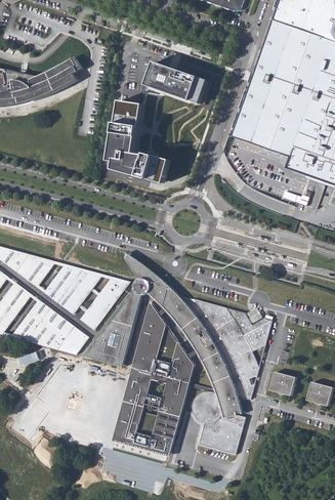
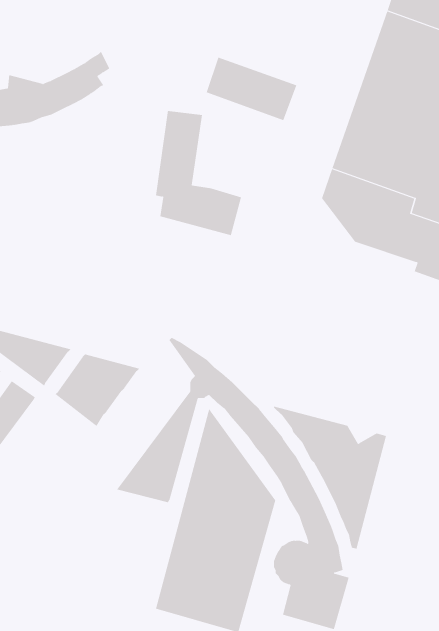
building: [78,276,128,329] -> none
building: [9,299,87,353] -> none
building: [269,372,294,395] -> none

